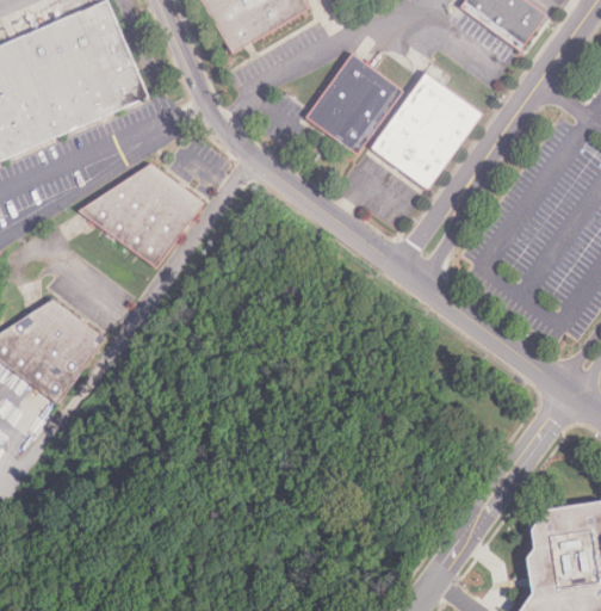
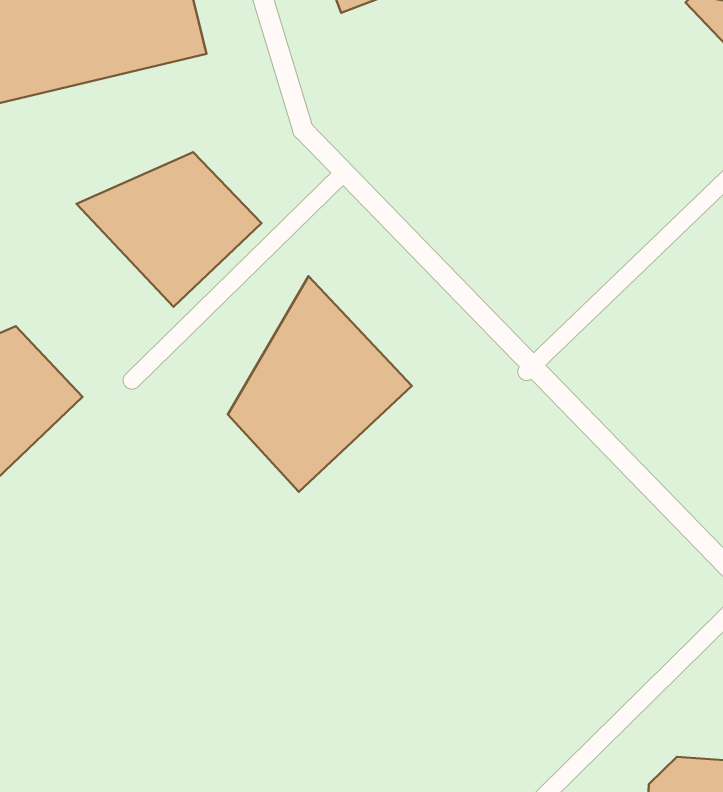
building: [305,54,403,155] -> none
building: [370,72,483,191] -> none
building: none -> [228,276,412,492]

